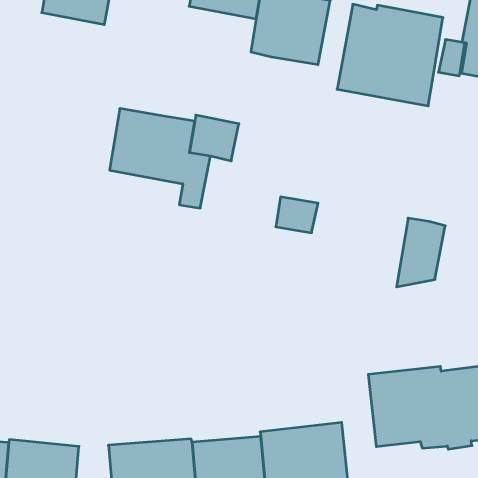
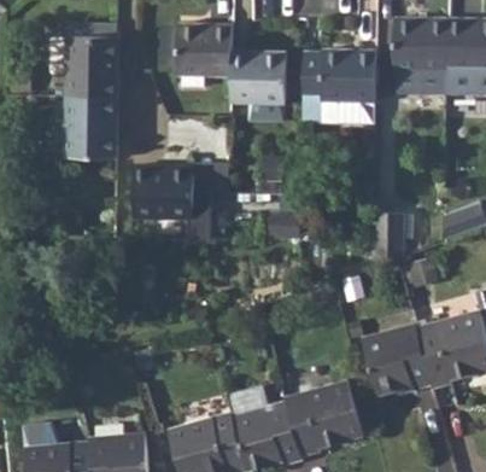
building: none -> [59,99,111,159]

